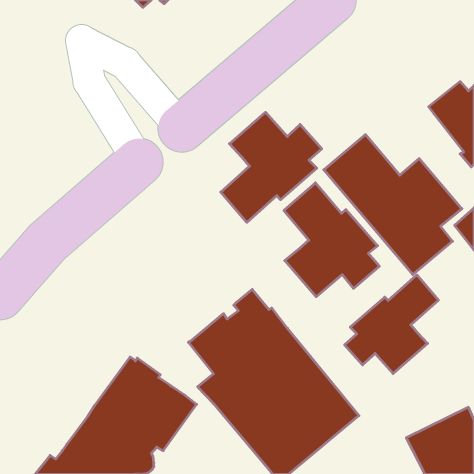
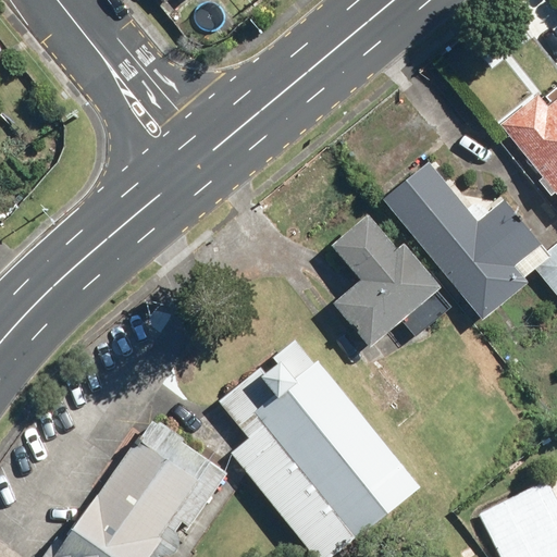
building: [221,112,322,222] -> none
building: [345,275,438,374] -> none

